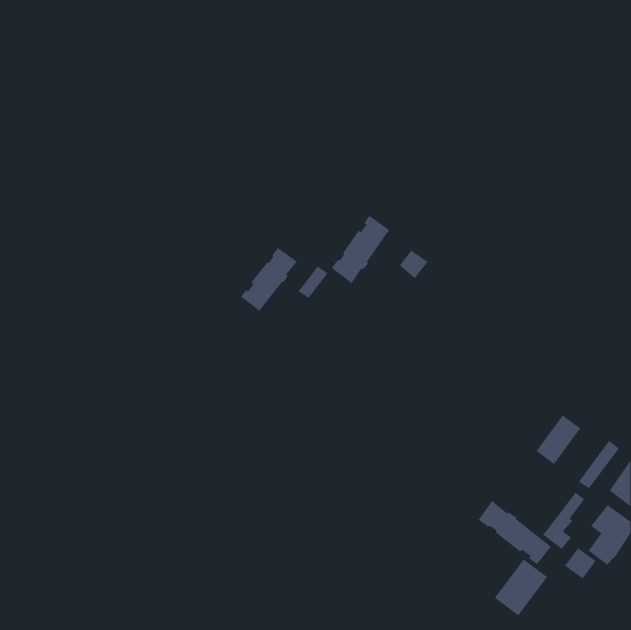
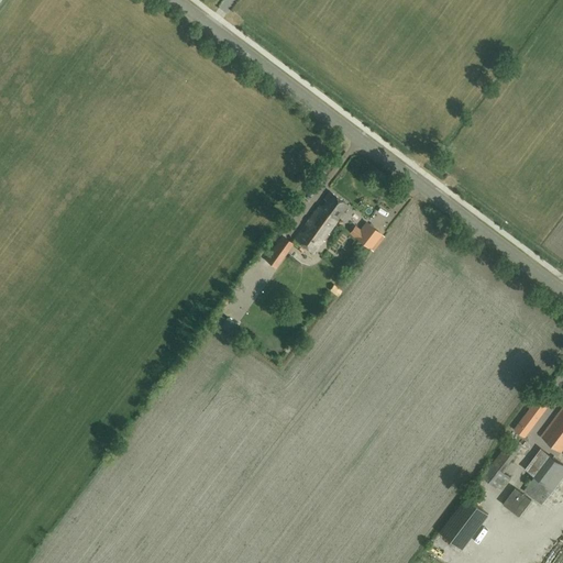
building: [240,247,298,312] -> none
building: [535,414,581,465] -> none
building: [478,500,552,565] -> none

